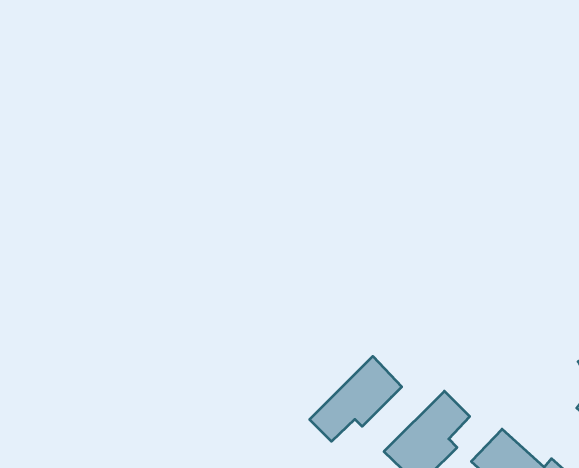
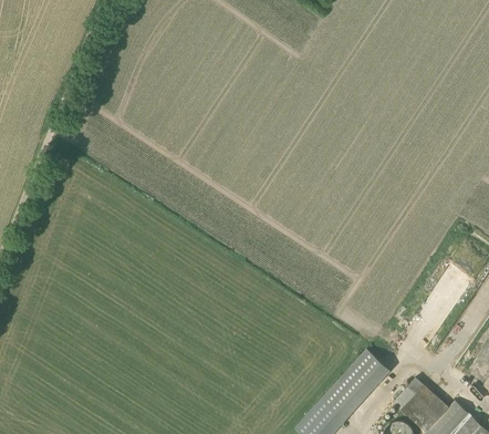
building: [310,356,402,441] -> none

